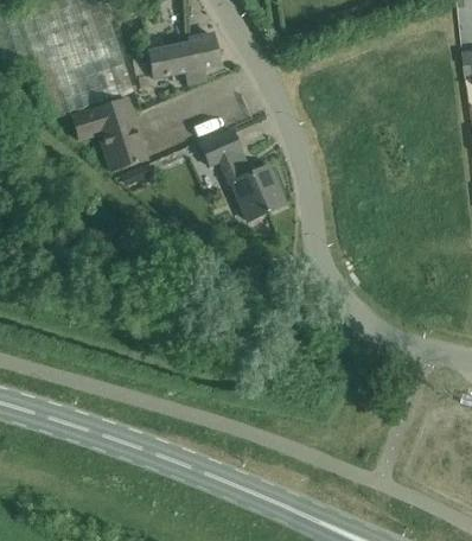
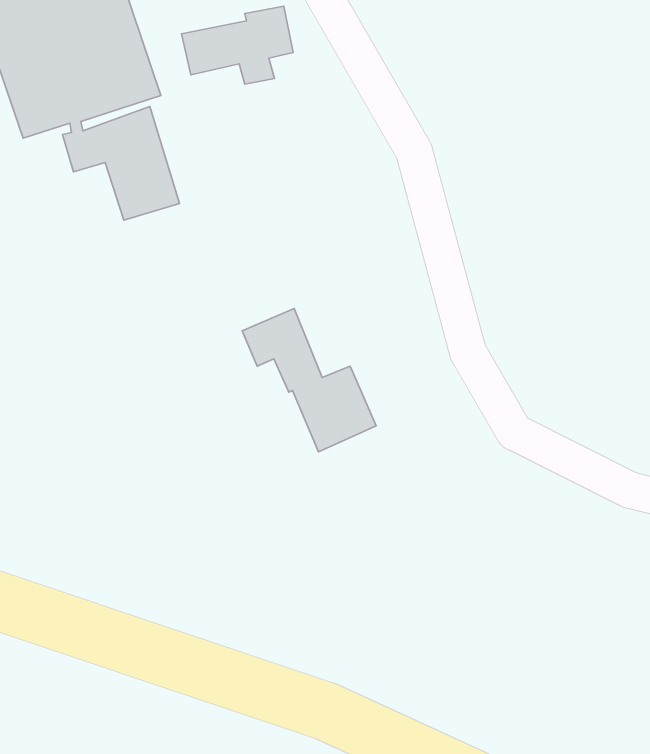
building: [199,128,285,219] -> [242,309,376,452]

